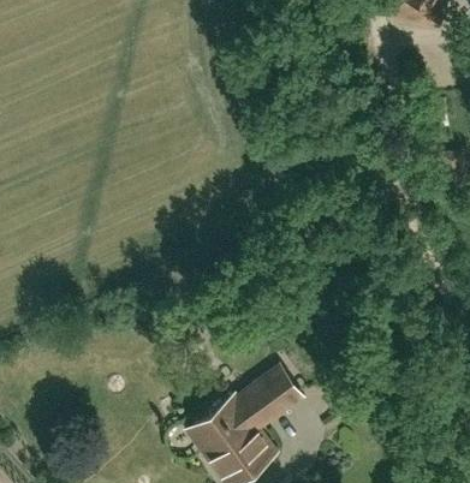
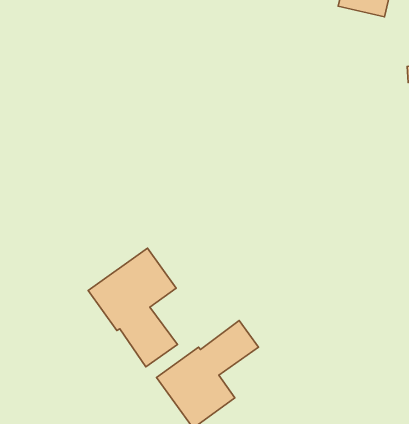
building: none -> [88,248,177,367]

